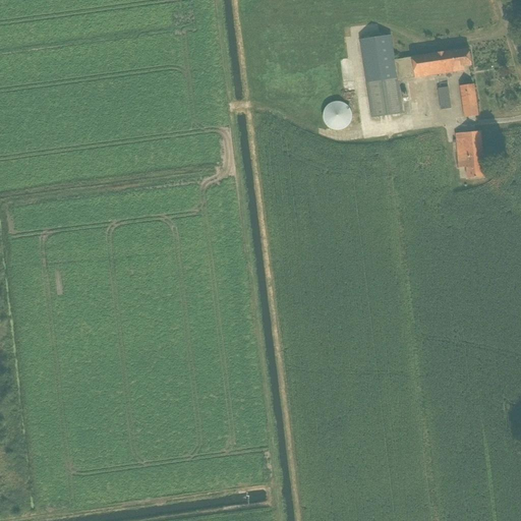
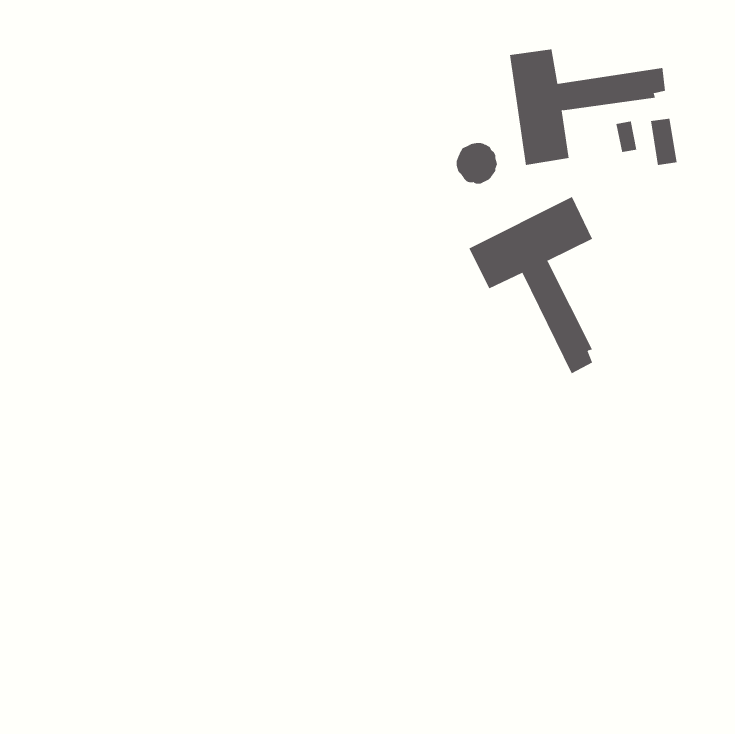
building: [456,130,484,177] -> none
building: none -> [468,196,593,374]

